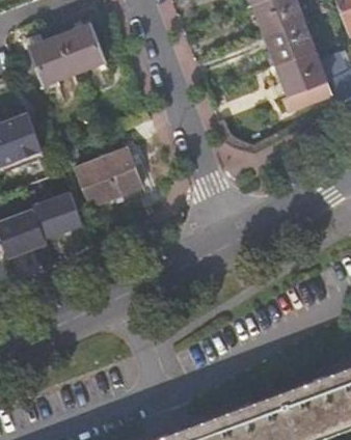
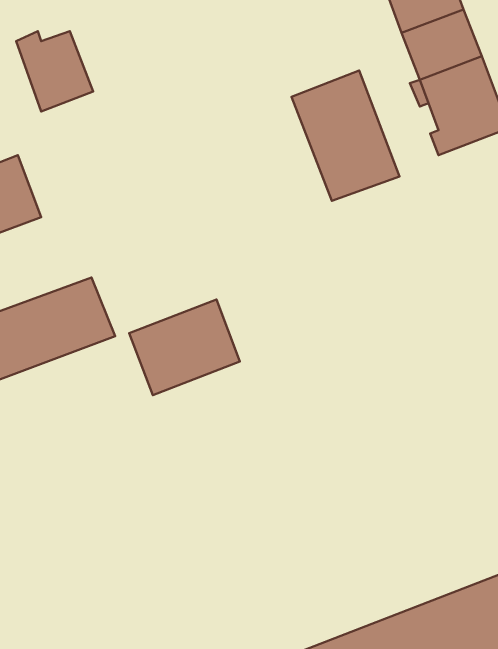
building: [59,23,105,73] -> none
building: none -> [291,70,399,201]
building: [74,147,142,207] -> [129,300,240,395]

